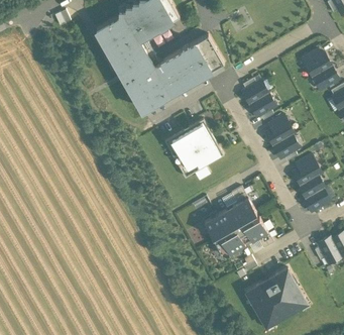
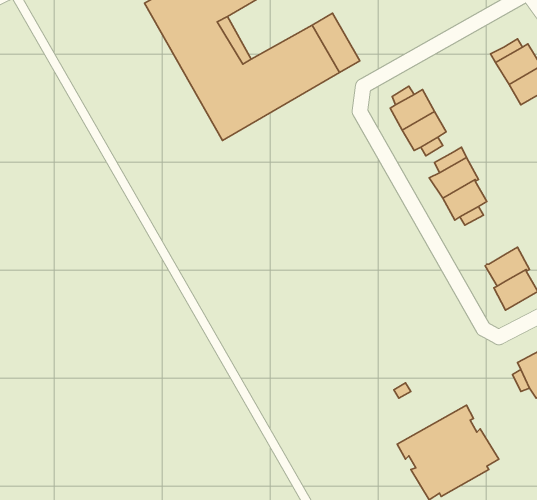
building: [164,119,224,179] -> none
building: [293,159,322,185] -> none
building: [205,187,273,256] -> none

